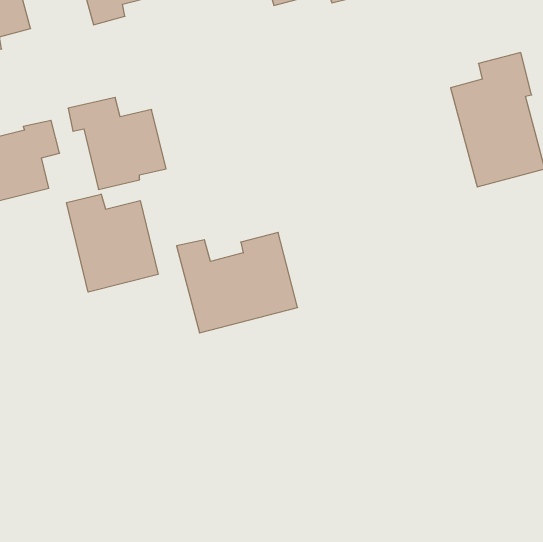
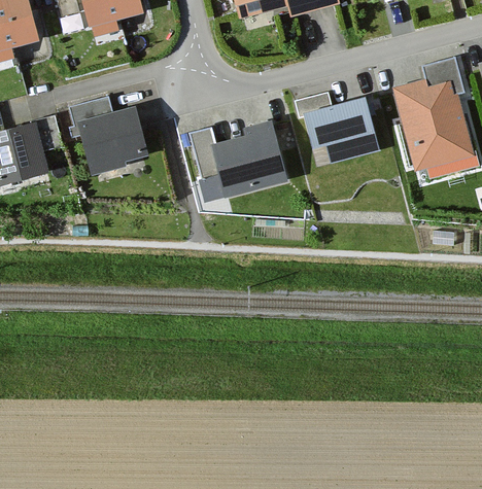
building: none -> [291,91,377,151]
building: [67,194,158,292] -> none
building: [177,232,298,333] -> [187,120,290,206]

